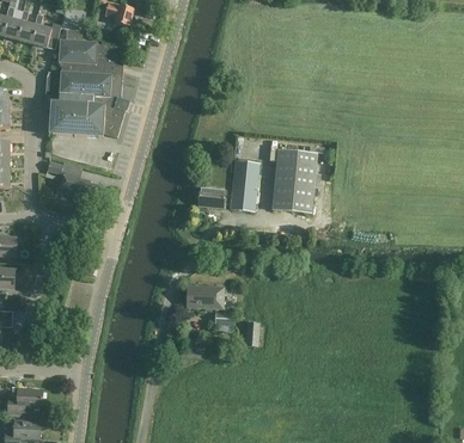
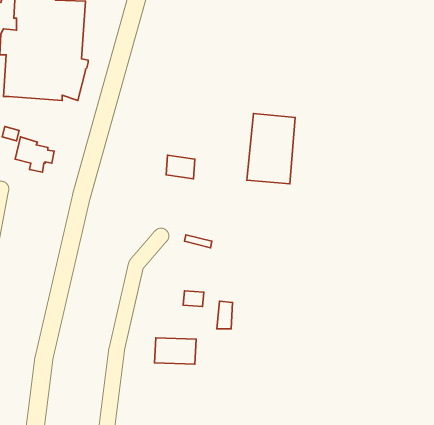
building: [228,160,258,210] -> none
building: [185,284,224,308] -> [155,338,196,364]

